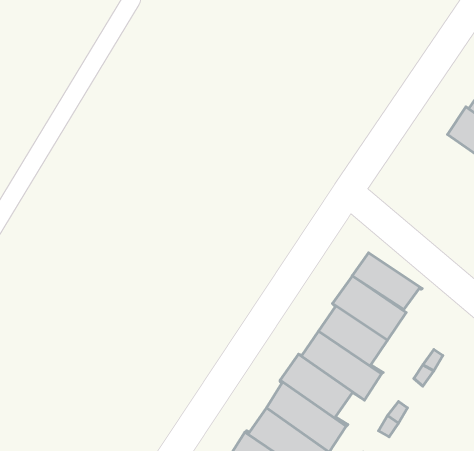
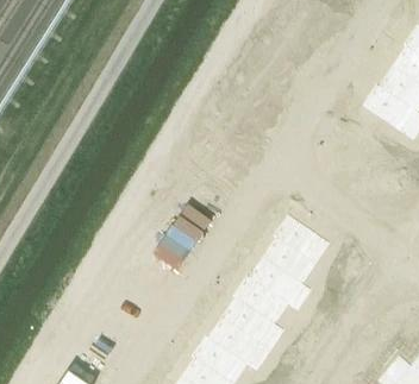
building: [352,253,422,310] -> none

